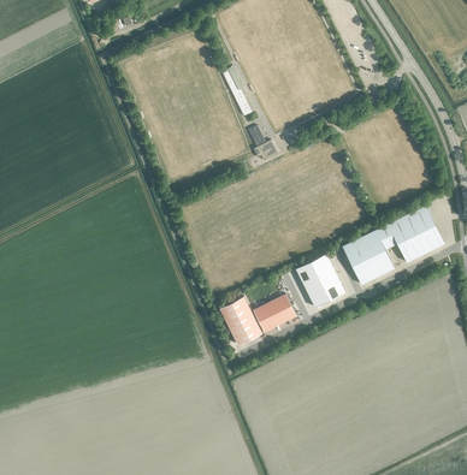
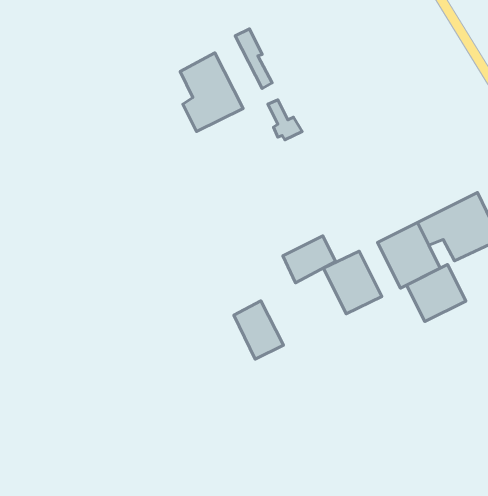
building: none -> [180,53,243,131]
building: none -> [406,264,466,322]
building: [253,293,297,333] -> [283,236,336,283]

